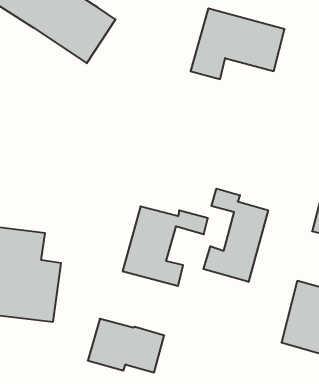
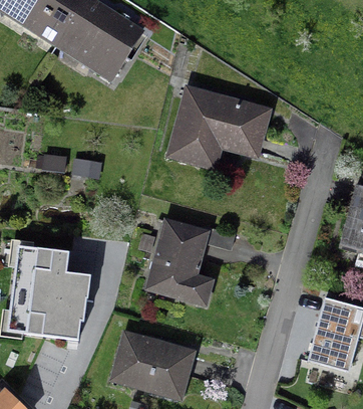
building: [190,8,285,79] -> [170,90,266,162]
building: [203,189,268,282] -> none

